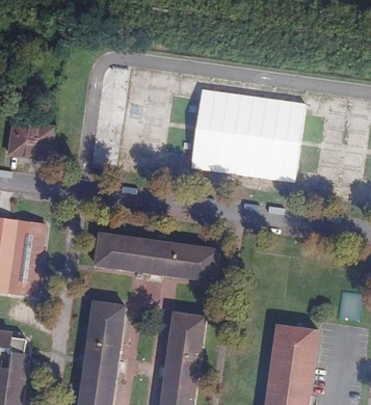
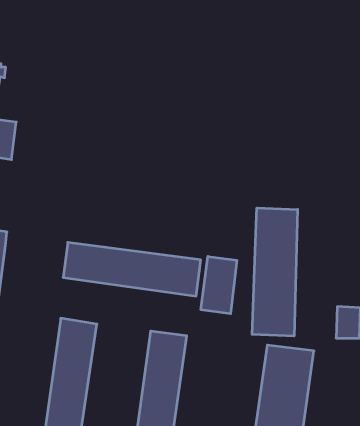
building: [187,87,306,183] -> none
building: none -> [252,208,298,336]
building: none -> [201,256,237,314]

